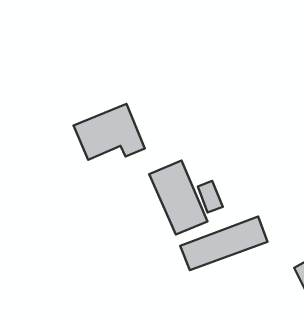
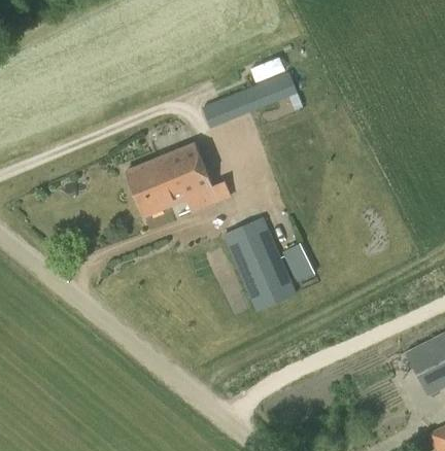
building: none -> [203,72,298,128]
building: [180,217,268,270] -> none

